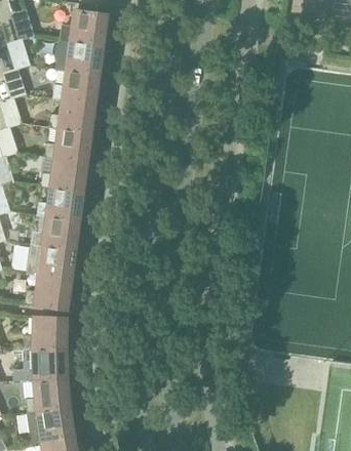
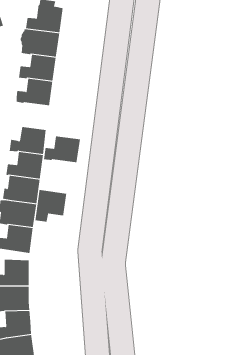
building: [45,128,90,161] -> [43,136,81,163]
building: none -> [35,189,67,223]

